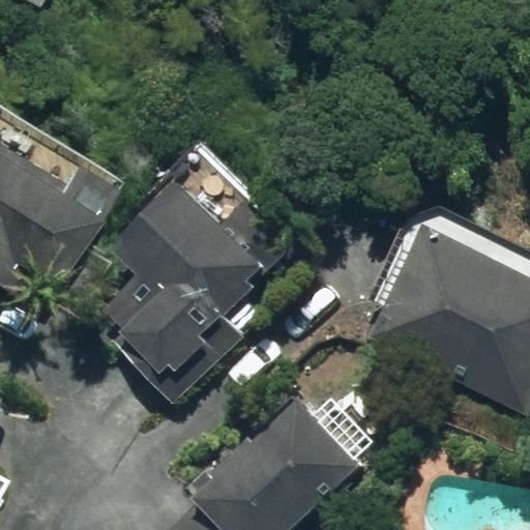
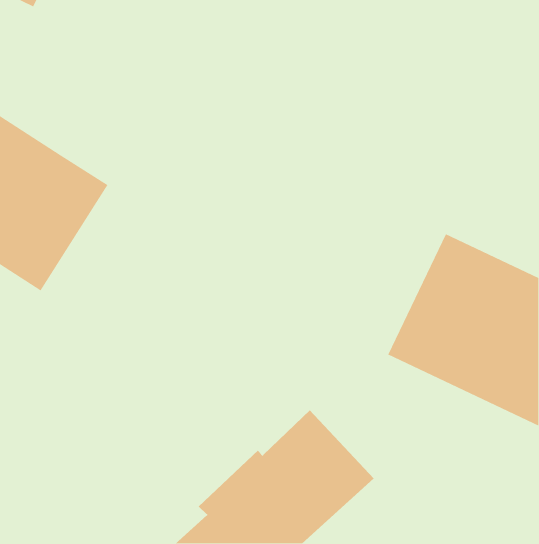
building: [122,176,290,377] -> none

